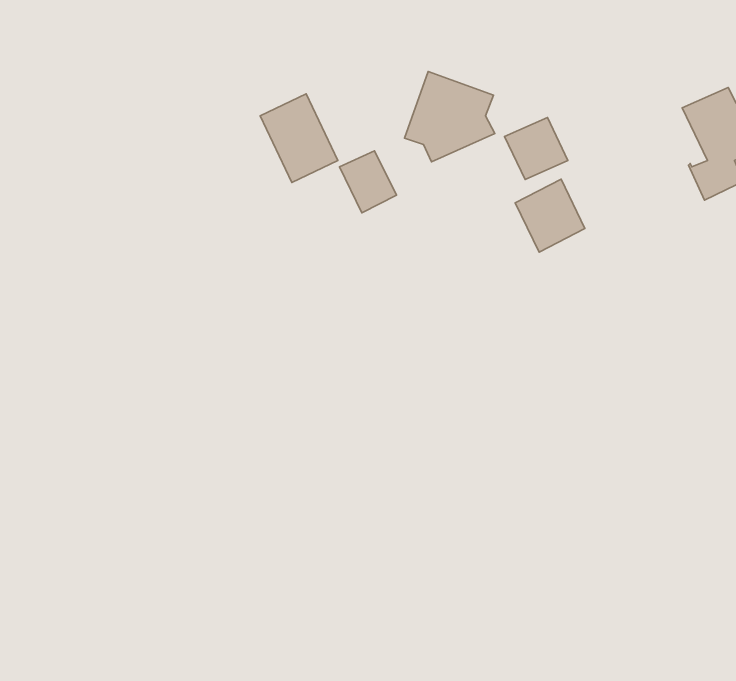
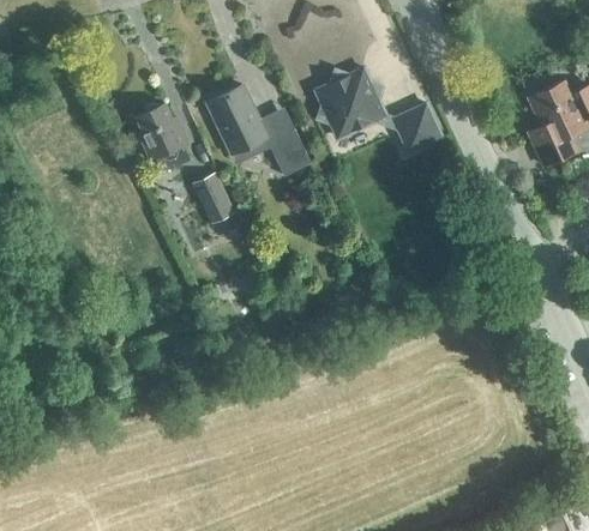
building: none -> [138,103,192,171]
building: [515,179,585,252] -> none
building: none -> [191,171,234,224]

